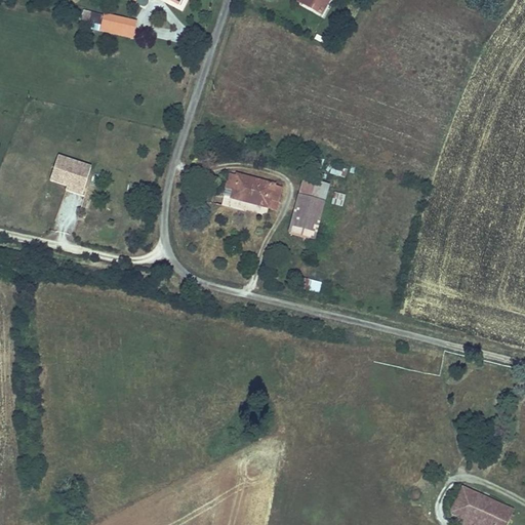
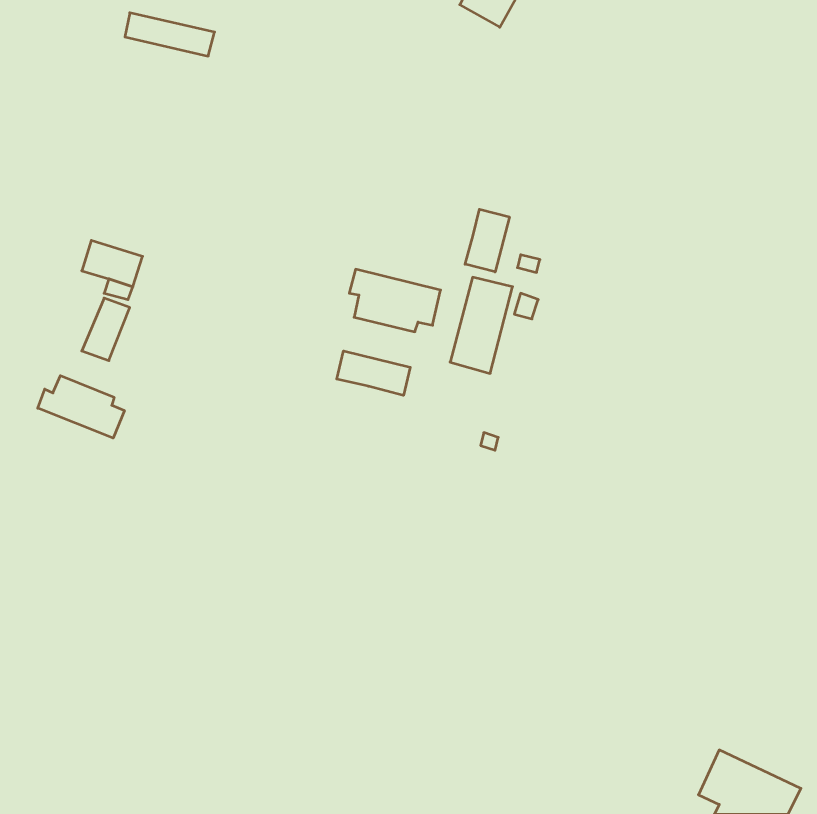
building: none -> [465,209,509,272]
building: none -> [337,351,410,395]
building: none -> [38,376,124,438]

